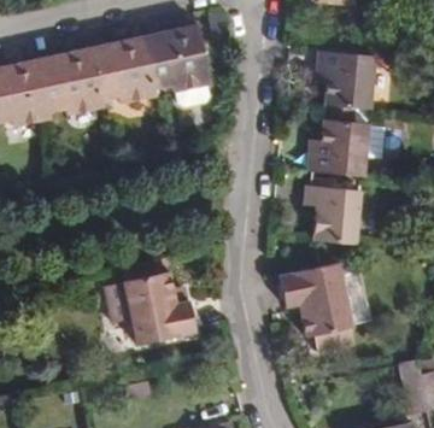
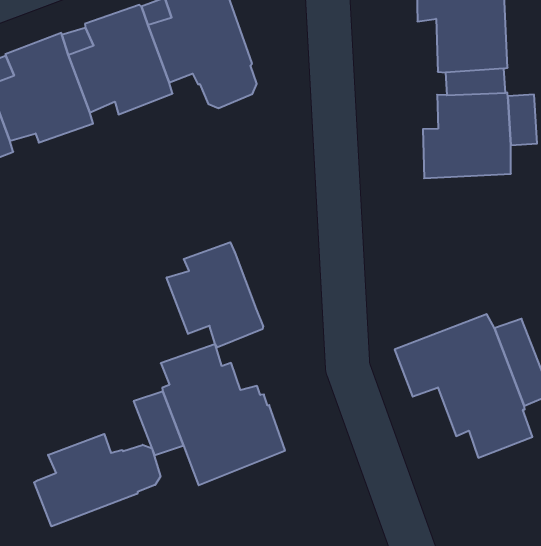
building: [305,187,360,244] -> none
building: none -> [167,242,263,347]
building: none -> [34,434,160,526]

